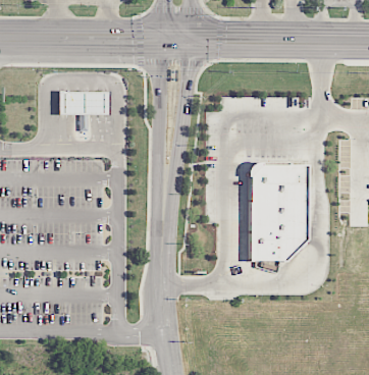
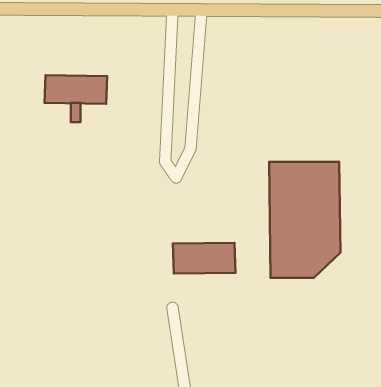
building: none -> [173,243,235,274]

